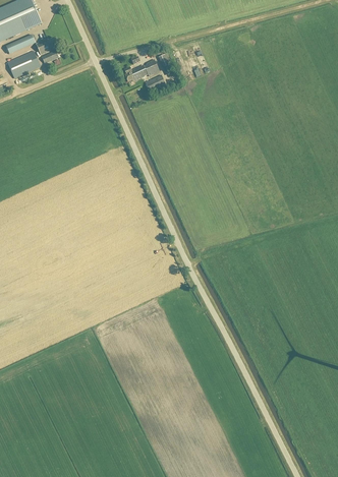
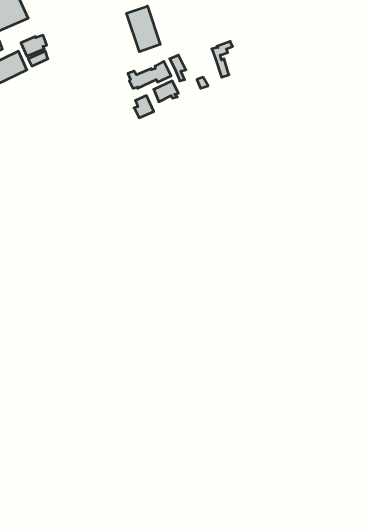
building: none -> [127,6,160,52]

